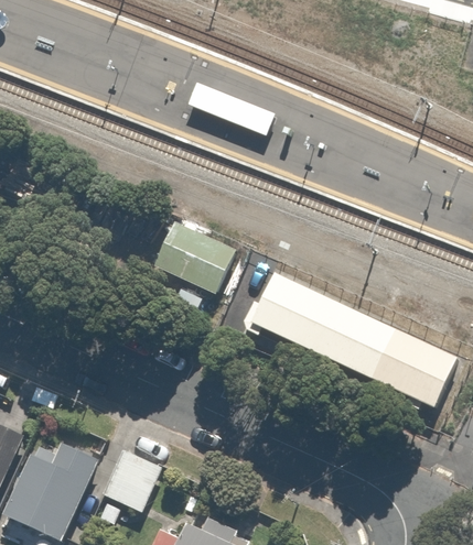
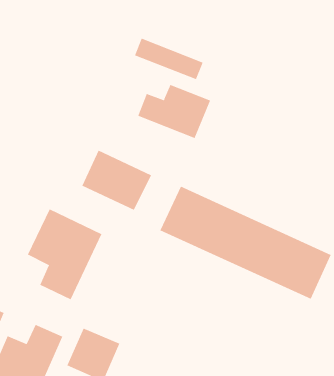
building: none -> [137,84,211,139]
building: none -> [27,208,102,300]

